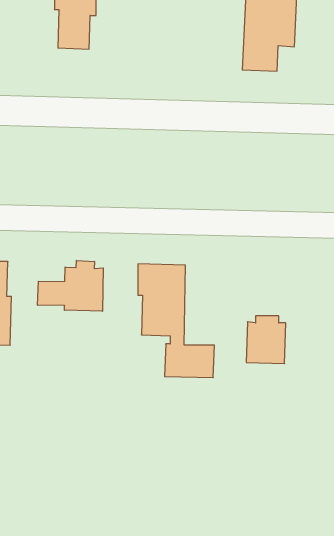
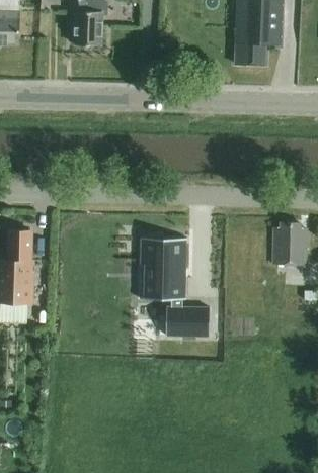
building: [38,260,103,311] -> none
building: [246,316,286,364] -> [271,223,306,265]

